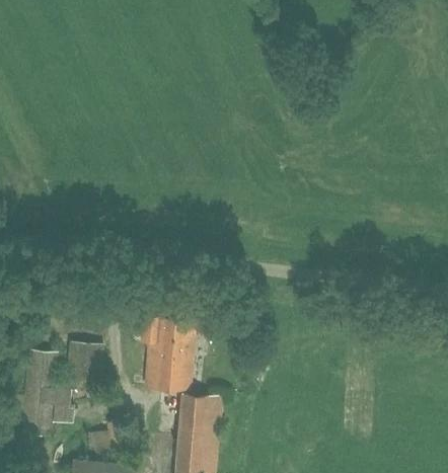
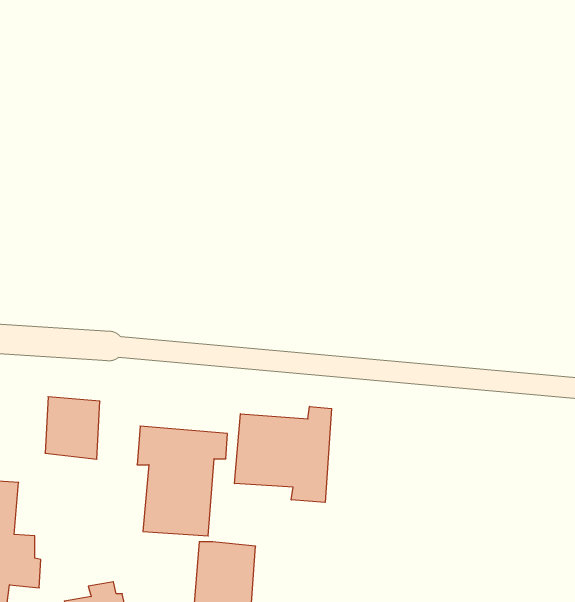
building: none -> [235,406,332,502]
building: [65,343,102,386] -> [45,397,100,459]

